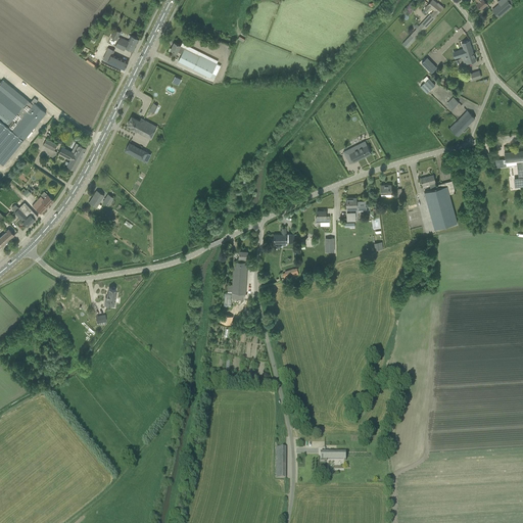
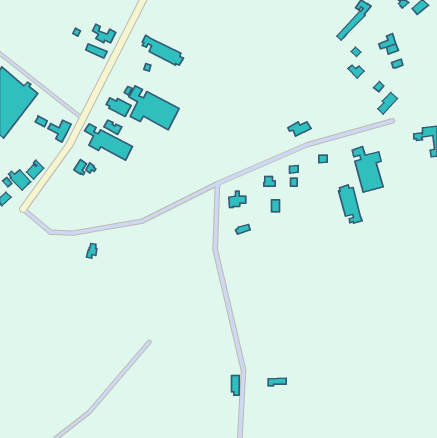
building: none -> [129,86,179,130]
building: none -> [85,124,132,160]
building: none -> [338,185,362,223]
building: [227,250,247,300] -> none

